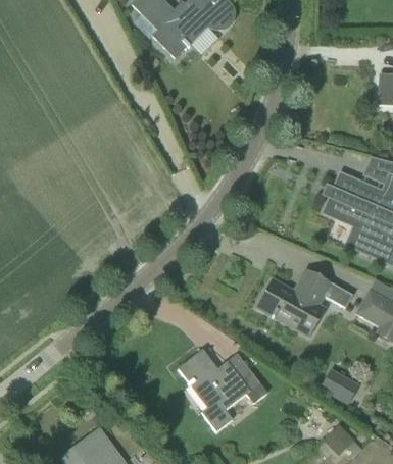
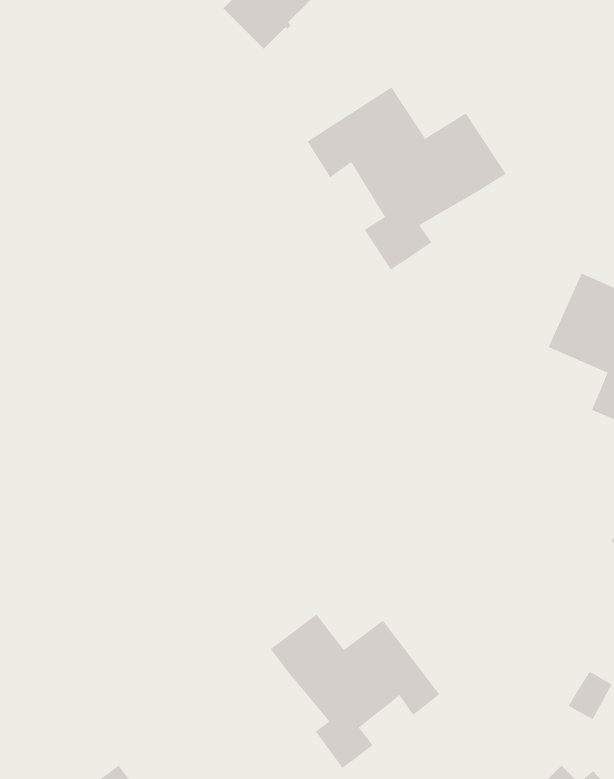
building: none -> [307,87,506,271]
building: [256,268,352,332] -> none

